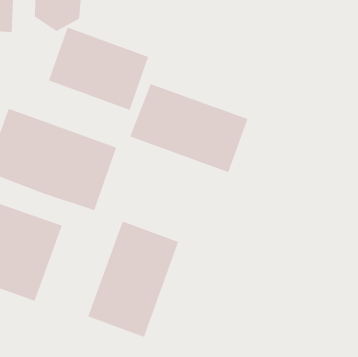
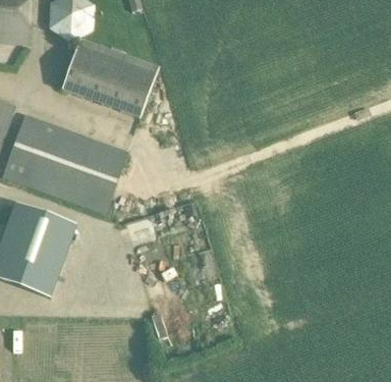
building: [129,83,249,173] -> none
building: [87,220,179,338] -> none

